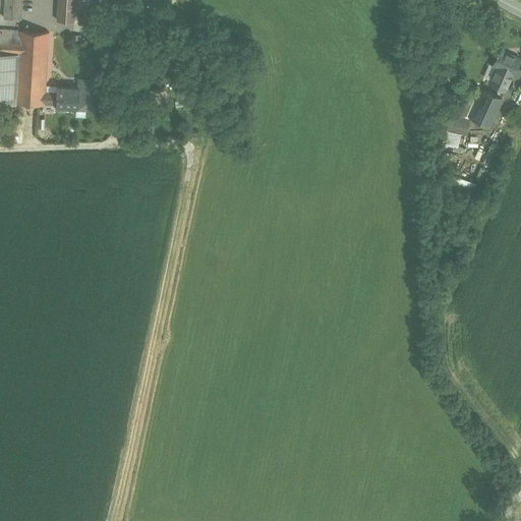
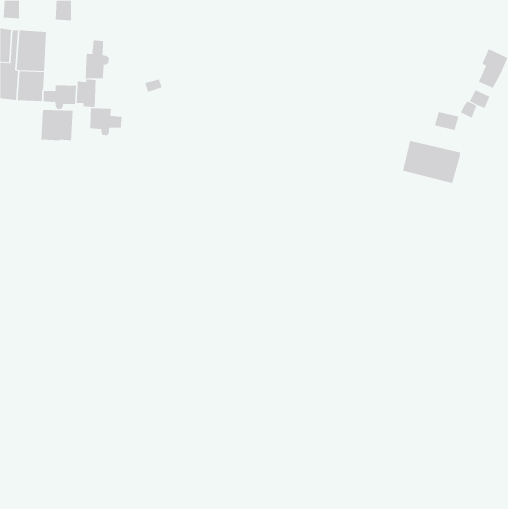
building: none -> [85,39,109,79]
building: none -> [90,107,122,136]
building: none -> [41,109,73,141]
building: none -> [402,140,460,184]

